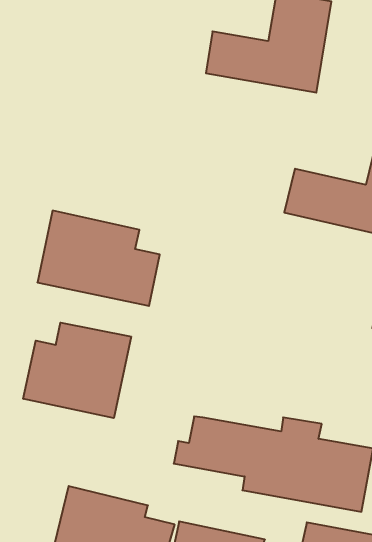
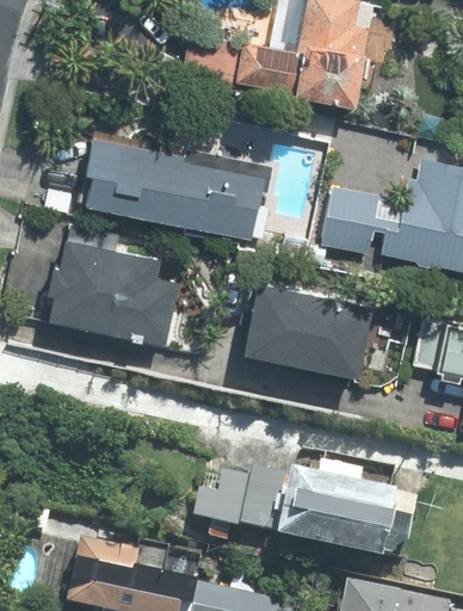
building: none -> [86,136,267,240]
building: none -> [245,286,374,376]
building: [23,323,131,418] -> none

